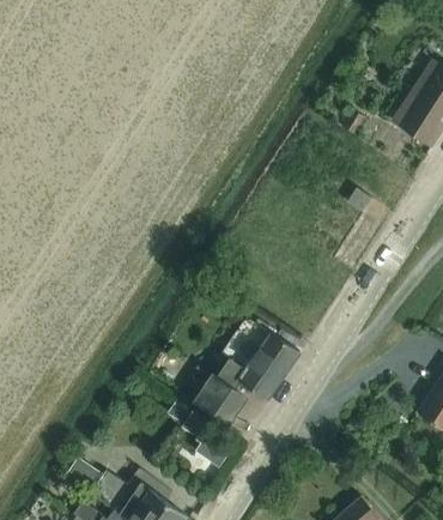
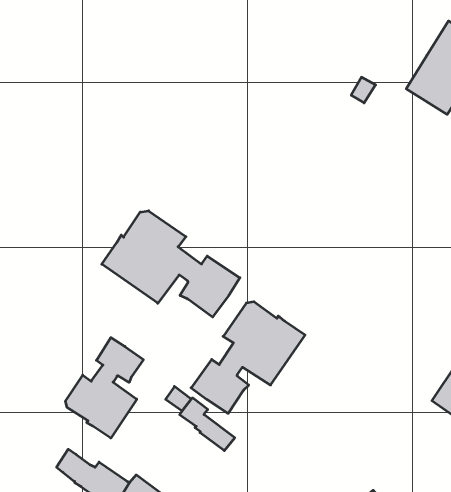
building: none -> [102,211,240,317]
building: none -> [65,338,143,438]

